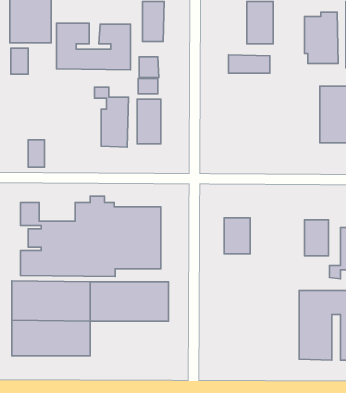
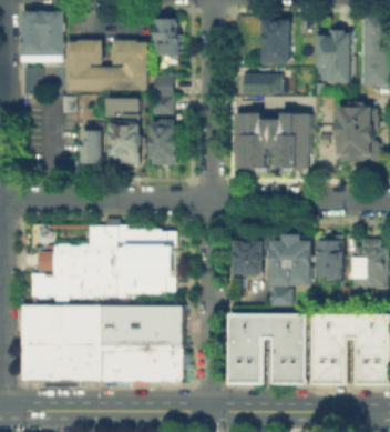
building: none -> [232,112,307,168]
building: [28,140,45,167] -> [84,137,101,164]
building: none -> [268,233,310,305]
building: none -> [227,312,306,383]
building: none -> [101,344,181,381]

